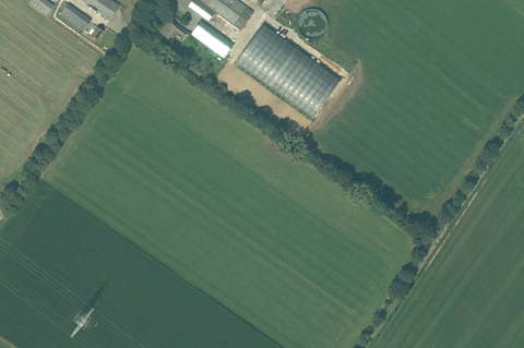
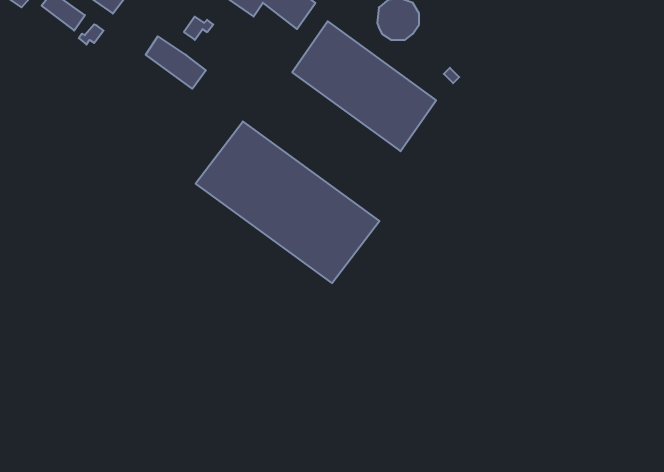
building: [191,21,234,58] -> [146,36,206,89]
building: none -> [196,121,379,283]

